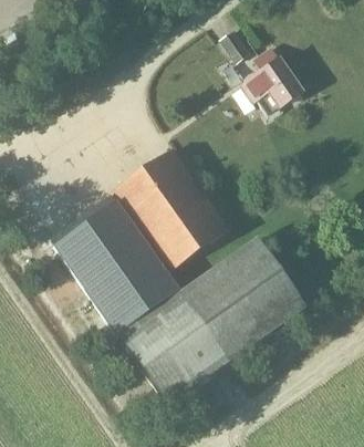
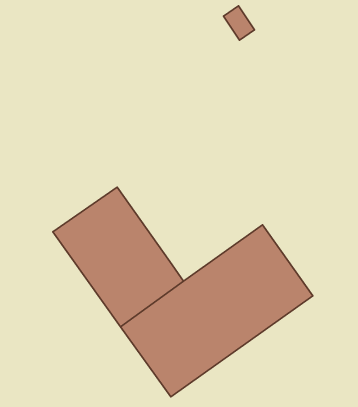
building: [243,44,301,112] -> none
building: [111,147,229,272] -> none

